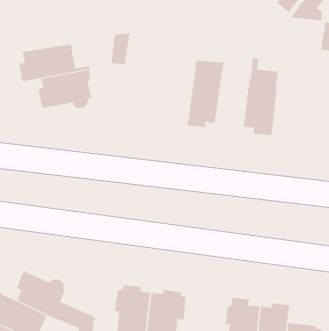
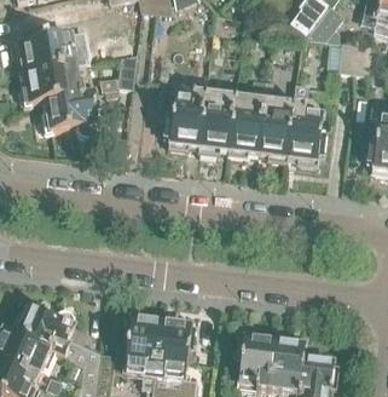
building: none -> [15,33,87,74]
building: none -> [160,74,209,150]
building: none -> [289,84,325,166]
building: none -> [228,99,264,157]

